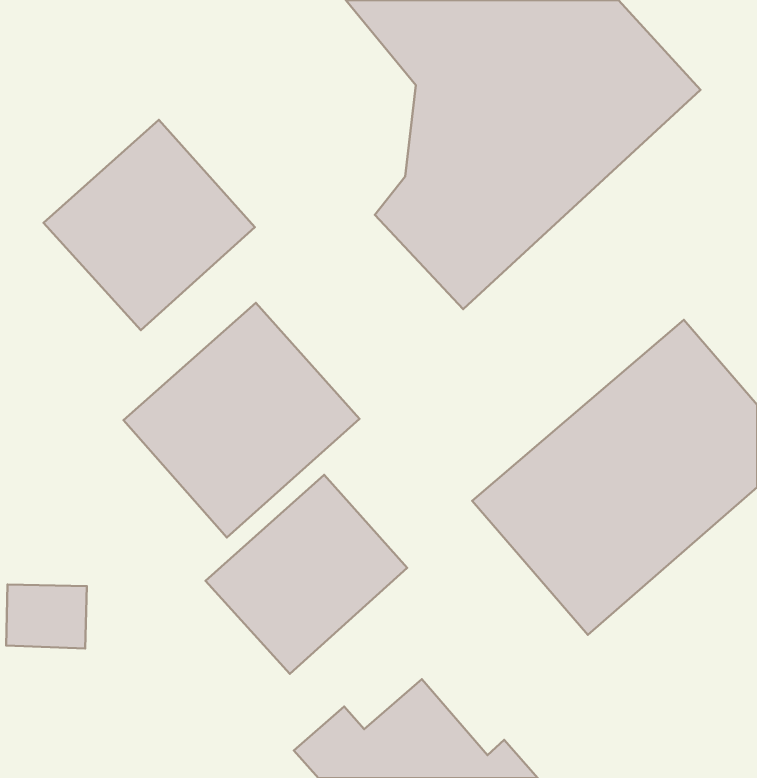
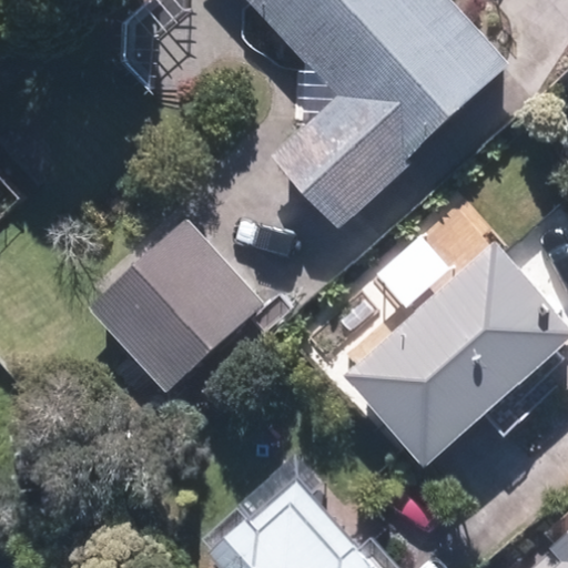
building: [44,120,255,330] -> none
building: [205,475,407,674] -> none

